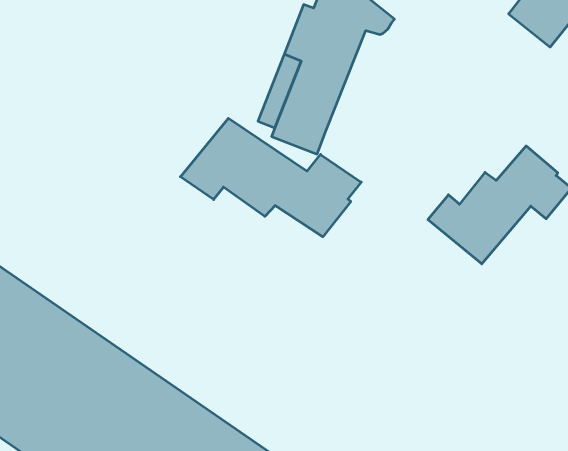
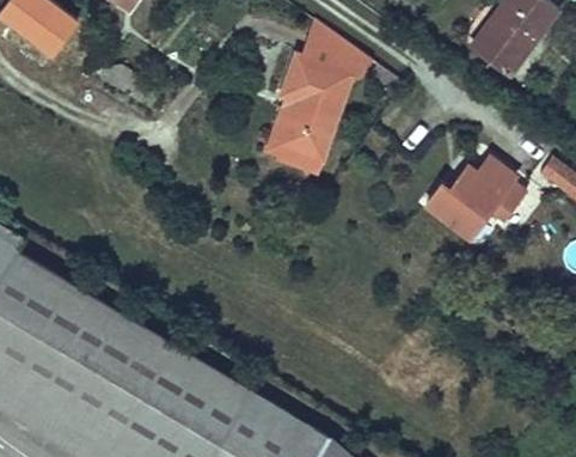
building: [180,118,361,237] -> none

